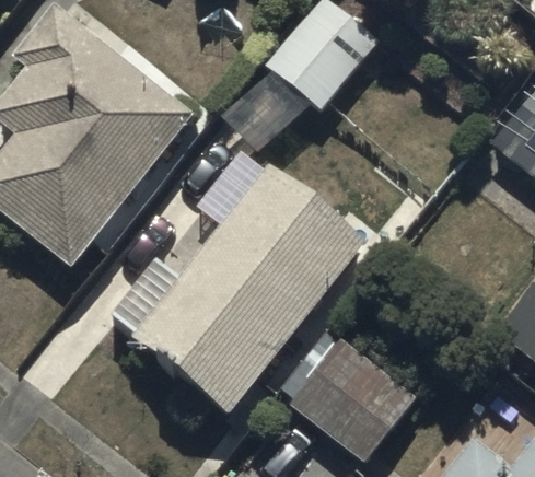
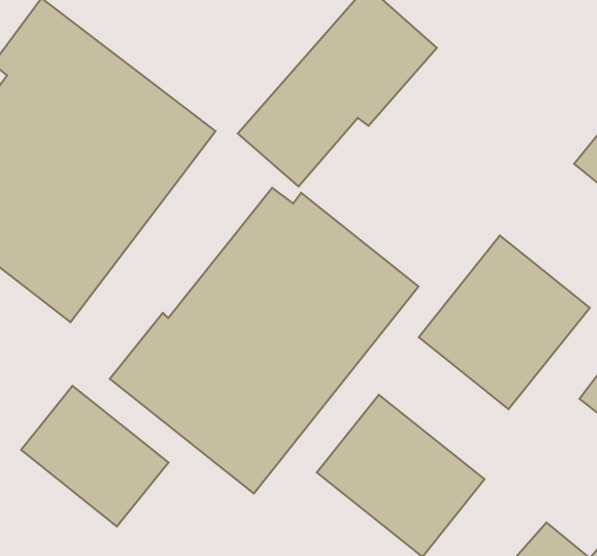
building: none -> [419,236,590,409]
building: none -> [21,386,168,526]

